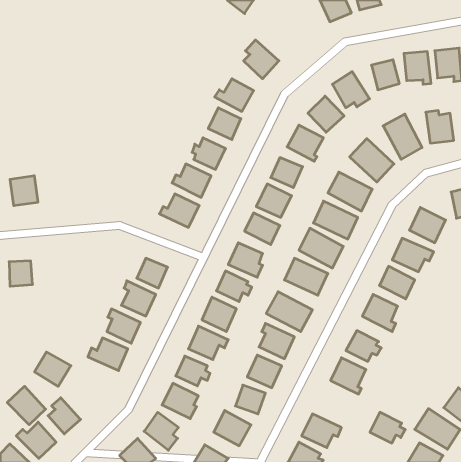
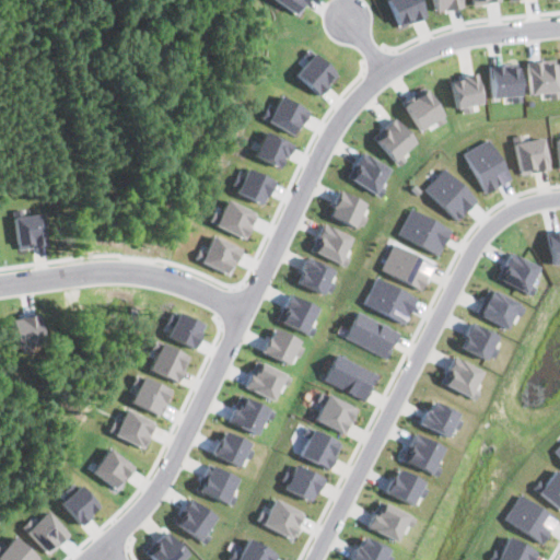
building: [35,352,71,386] -> [92,448,136,490]
building: [7,386,46,425] -> none
building: [370,412,405,443] -> [385,468,428,505]

